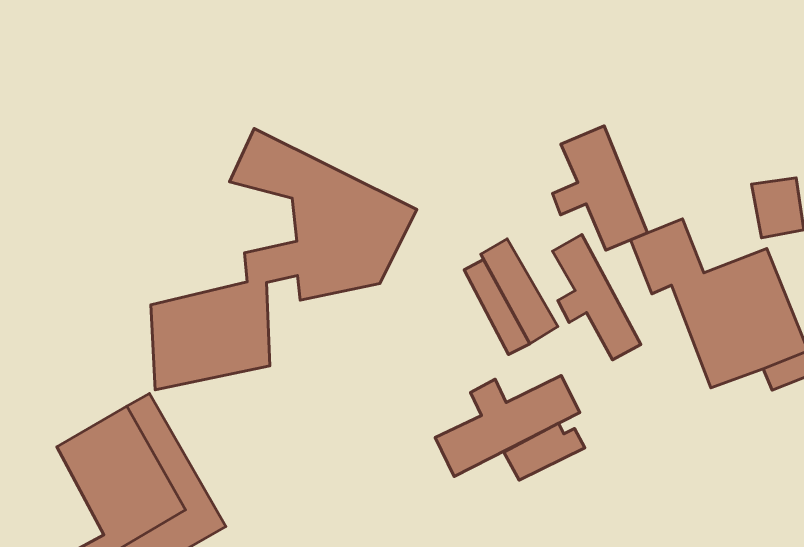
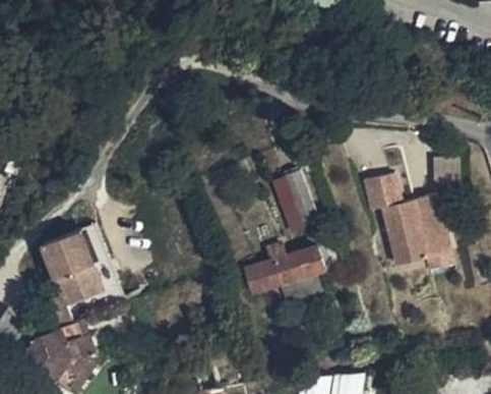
building: [552,126,647,250] -> none
building: [151,128,417,390] -> none
building: [553,235,641,360] -> none

